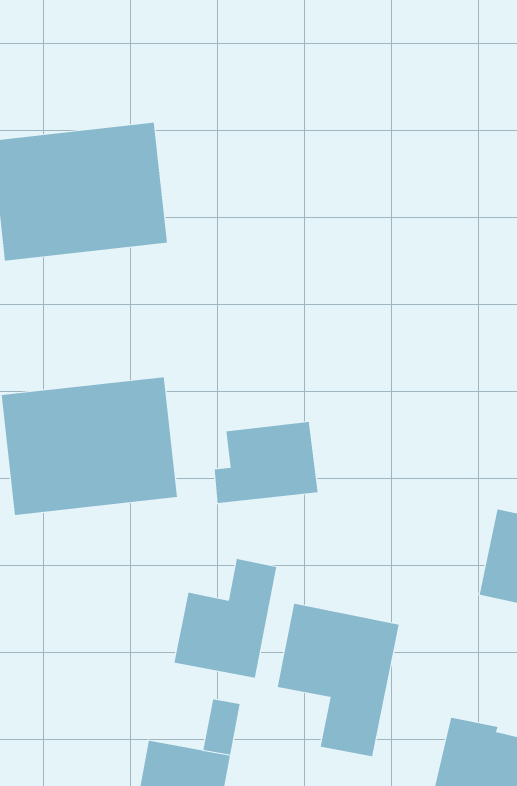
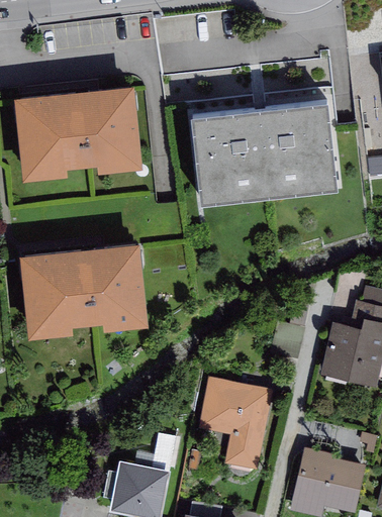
building: none -> [195,98,337,198]
building: [214,421,318,504] -> none
building: [174,558,277,679] -> none

